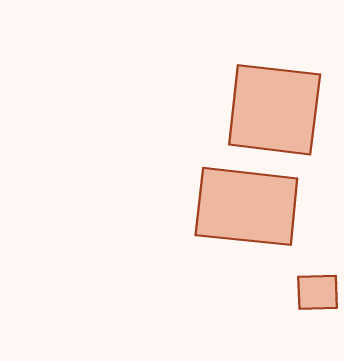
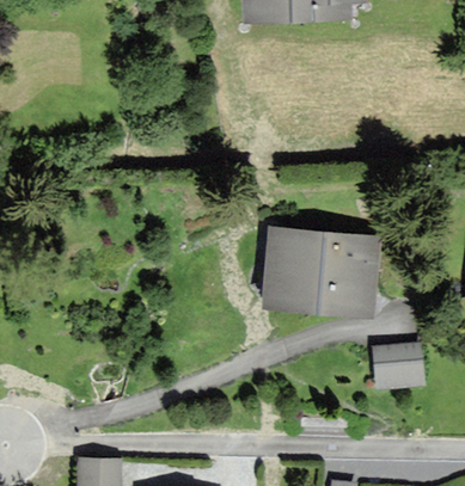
building: [229,65,320,154] -> none

